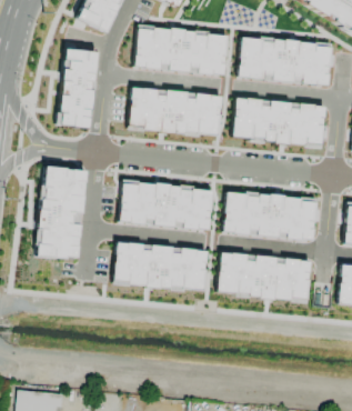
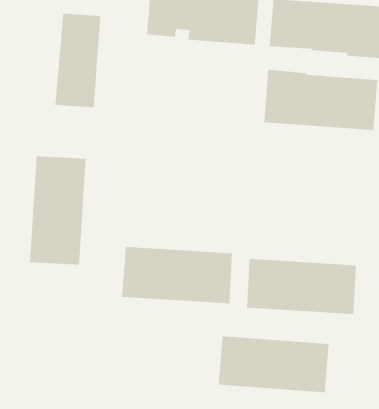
building: [129,87,221,134] -> none
building: [120,180,212,229] -> none
building: [223,191,316,239] -> [218,336,330,393]

